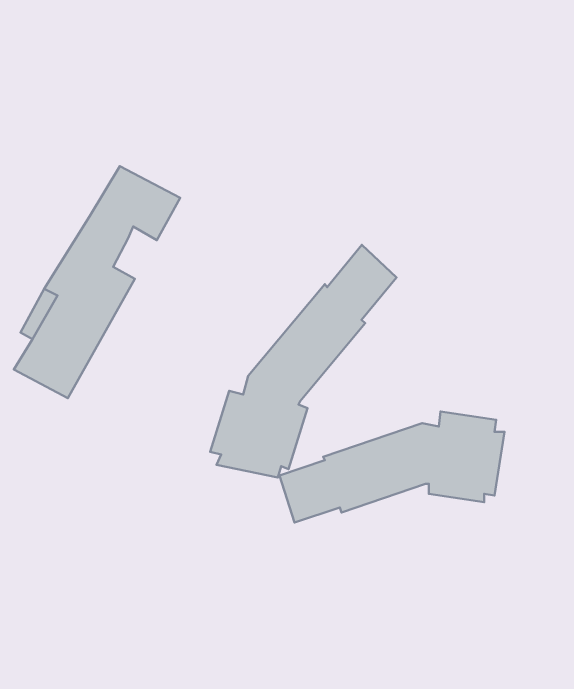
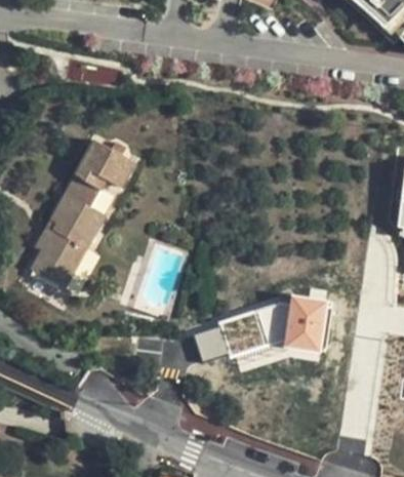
building: [210,245,396,477] -> none

